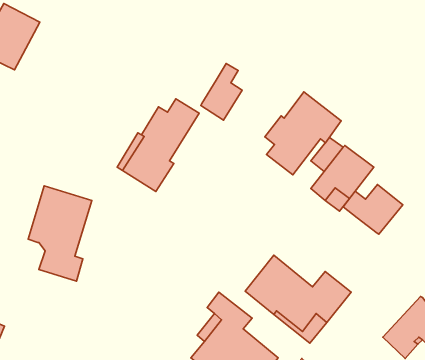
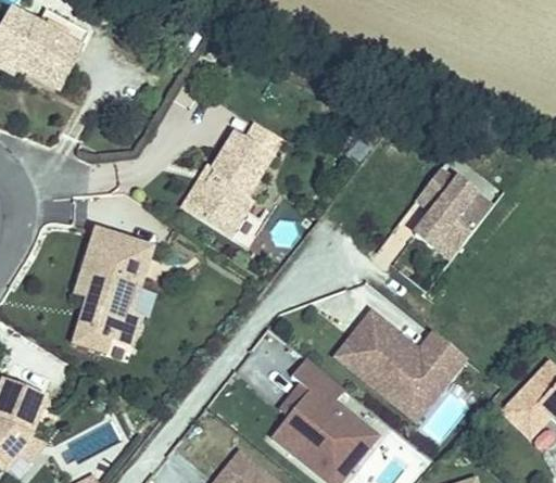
building: [201,64,242,120] -> none
building: [265,92,341,175] -> none
building: [343,184,403,234] -> none
building: none -> [72,296,110,353]

